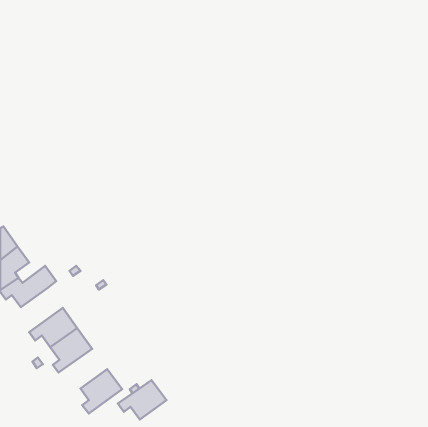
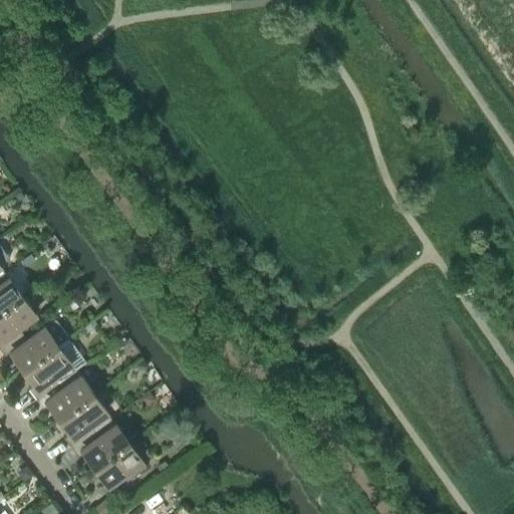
building: none -> [25,346,75,400]
building: [118,380,166,420] -> [70,420,128,467]

